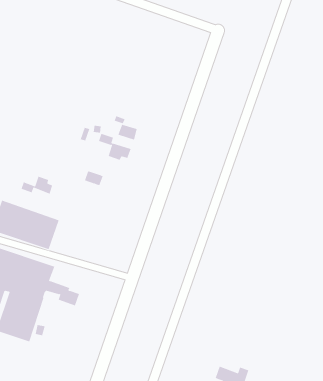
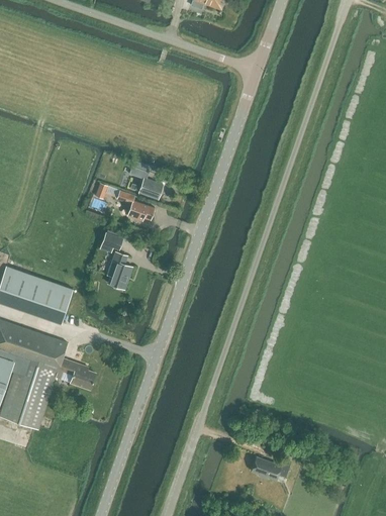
building: [21,176,53,194] -> none
building: none -> [106,250,132,289]

